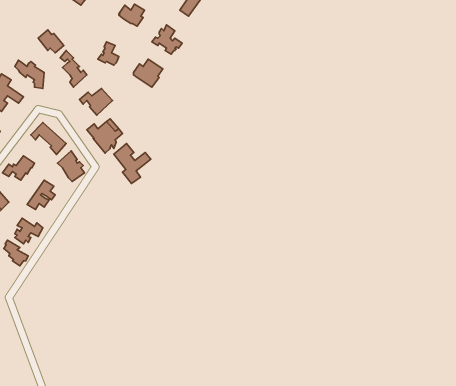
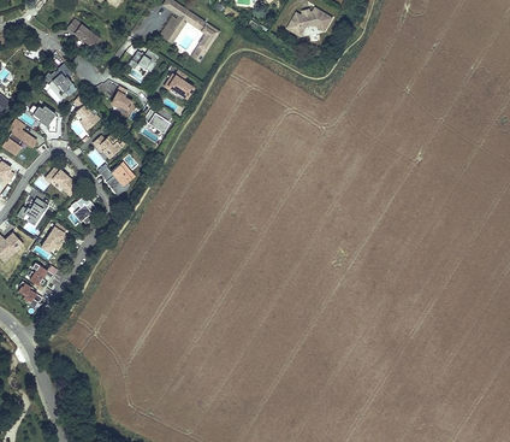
building: [114,144,151,184] -> none

